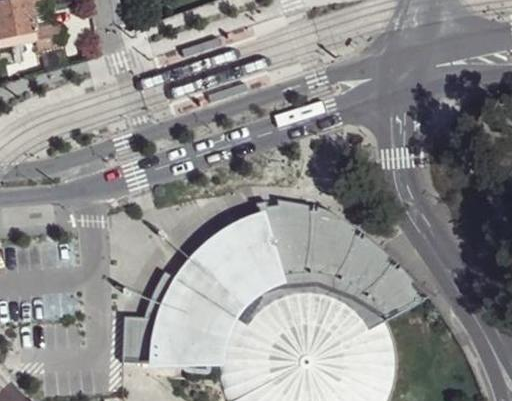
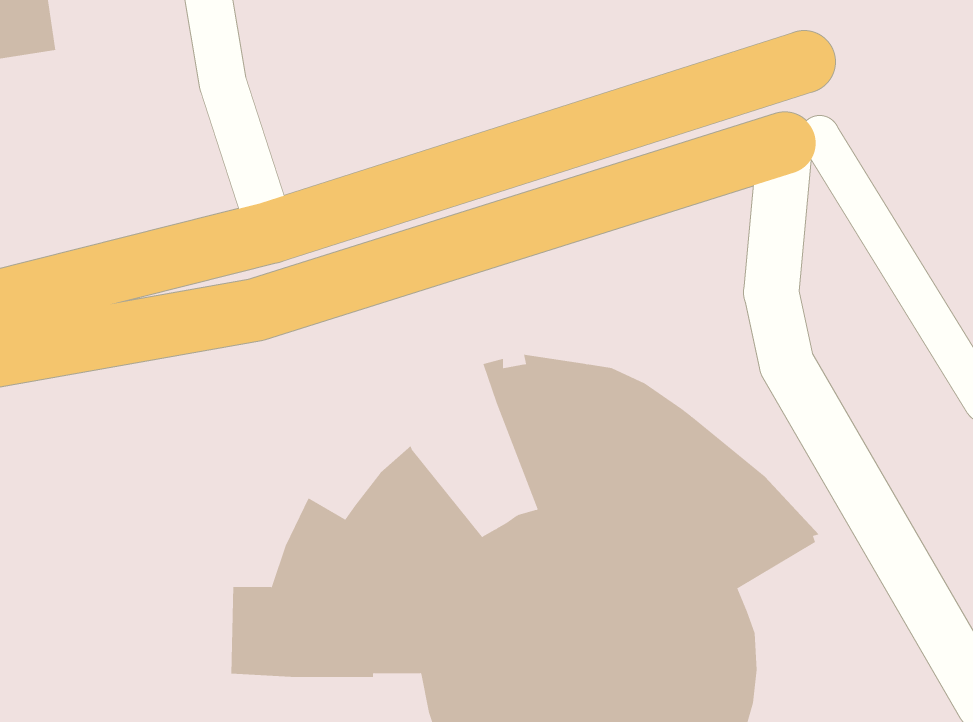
building: [215,224,279,293] -> none

